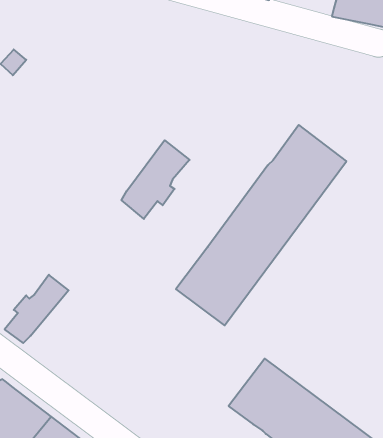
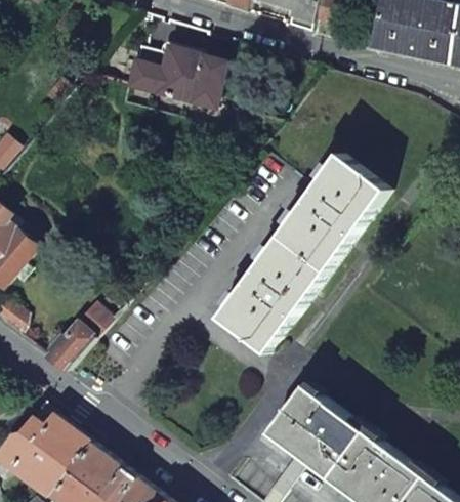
building: none -> [122,45,222,108]
building: [121,140,190,219] -> none

